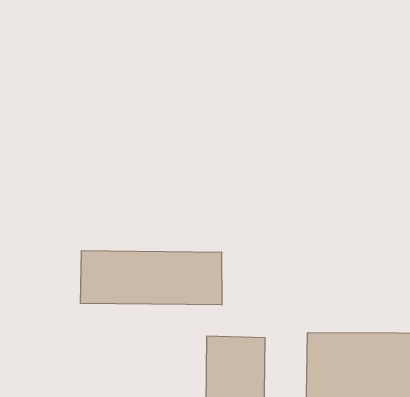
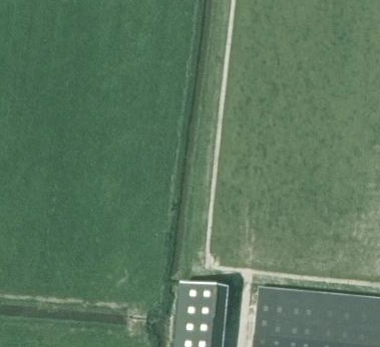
building: [81,251,222,305] -> none

